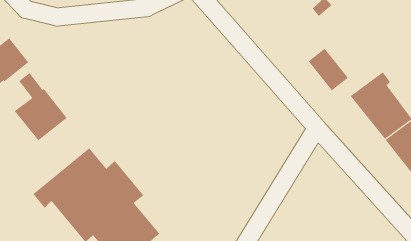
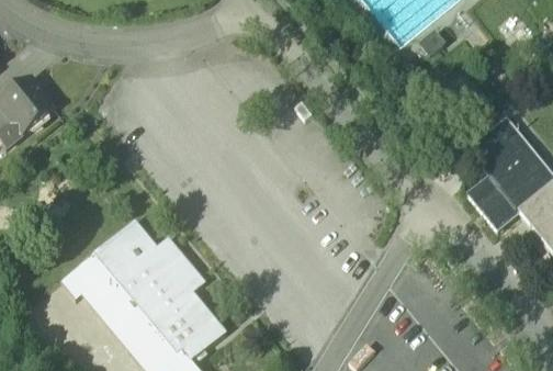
building: [308,48,349,91] -> [464,175,517,231]
building: [14,72,67,141] -> none

